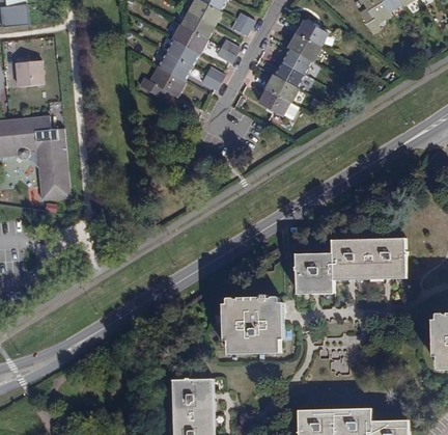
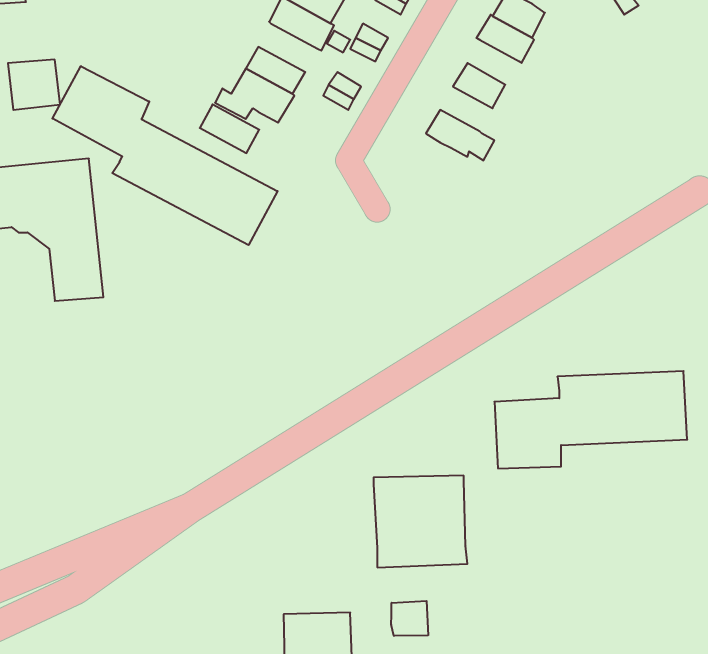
building: [161,38,195,66] -> [200,104,259,153]
building: [281,48,311,74] -> none
building: none -> [52,66,278,245]
building: [263,75,297,102] -> none
building: none -> [391,601,428,636]

